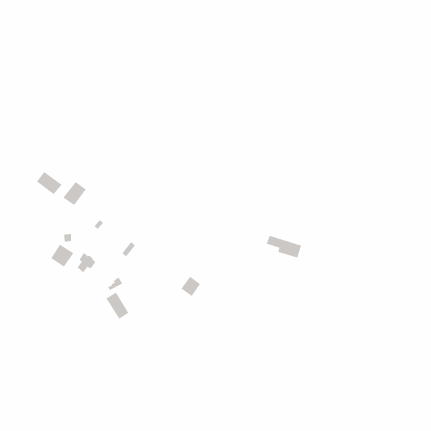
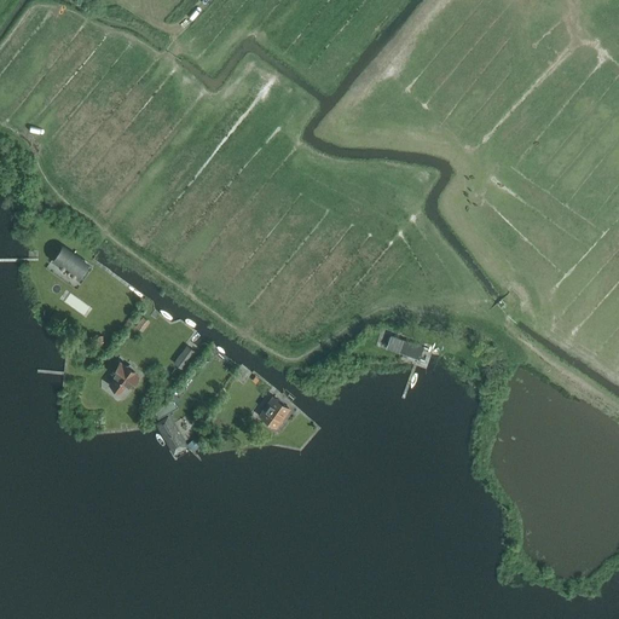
building: [63,181,86,206] -> none
building: [50,244,74,267] -> none

